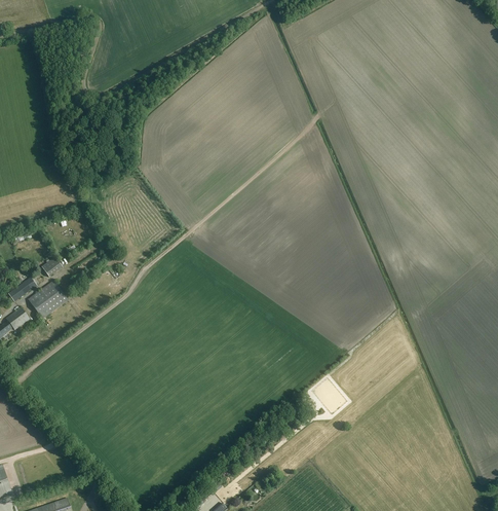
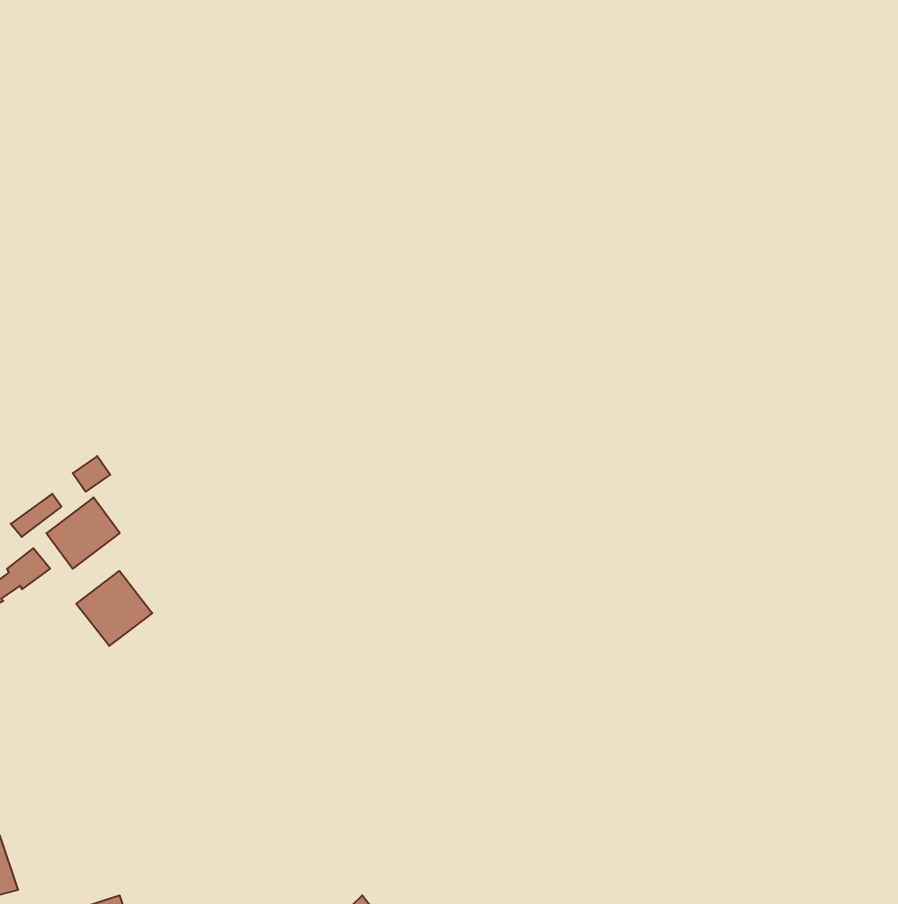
building: none -> [76,571,152,646]

